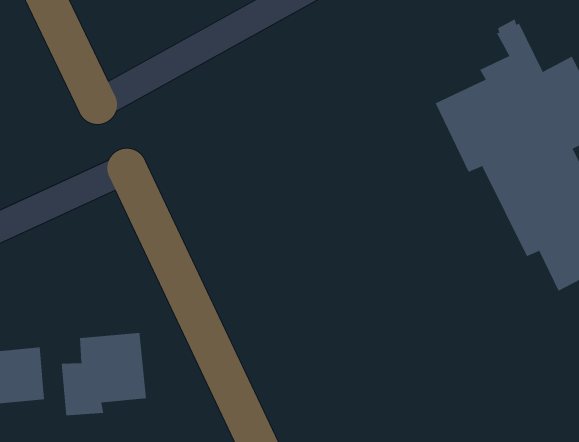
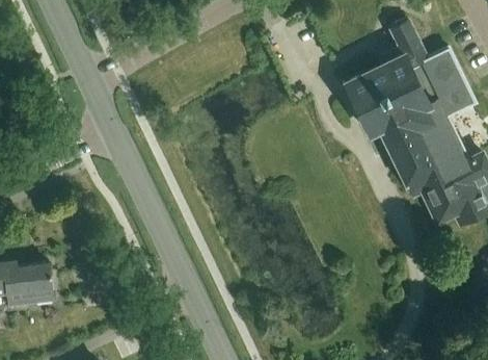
building: [61,332,147,416] -> none

